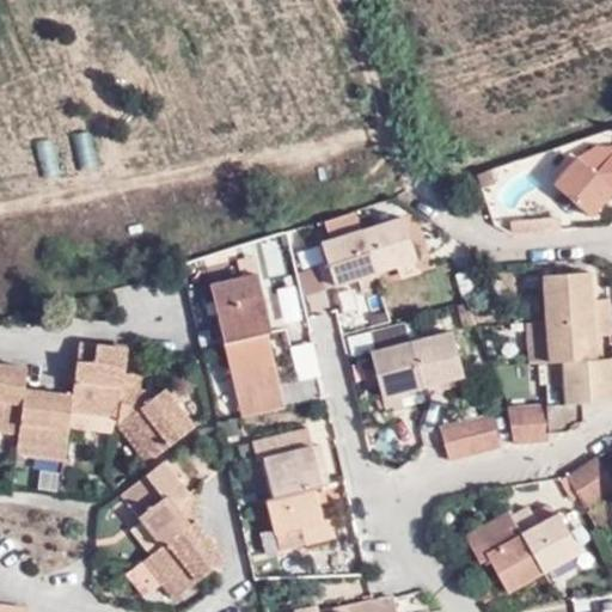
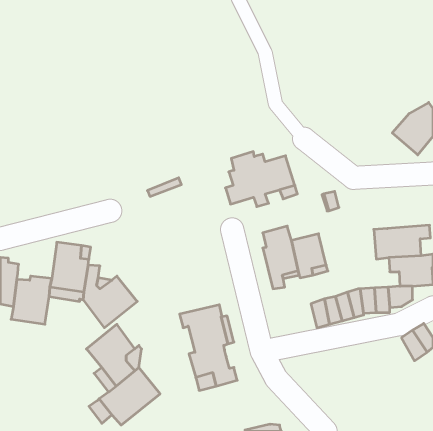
building: [209,271,281,415] -> none
building: [543,275,606,323] -> none
building: [466,506,579,592] -> none

